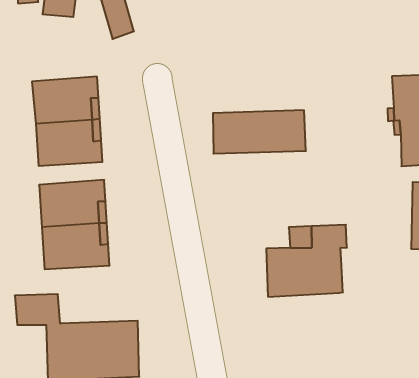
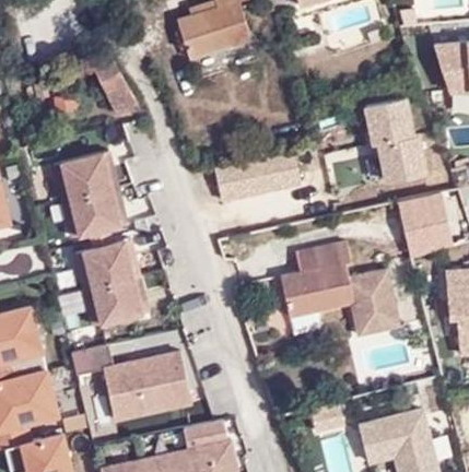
building: none -> [349,270,401,333]

